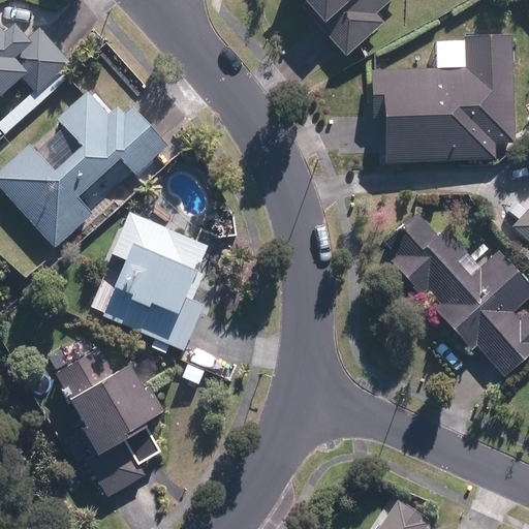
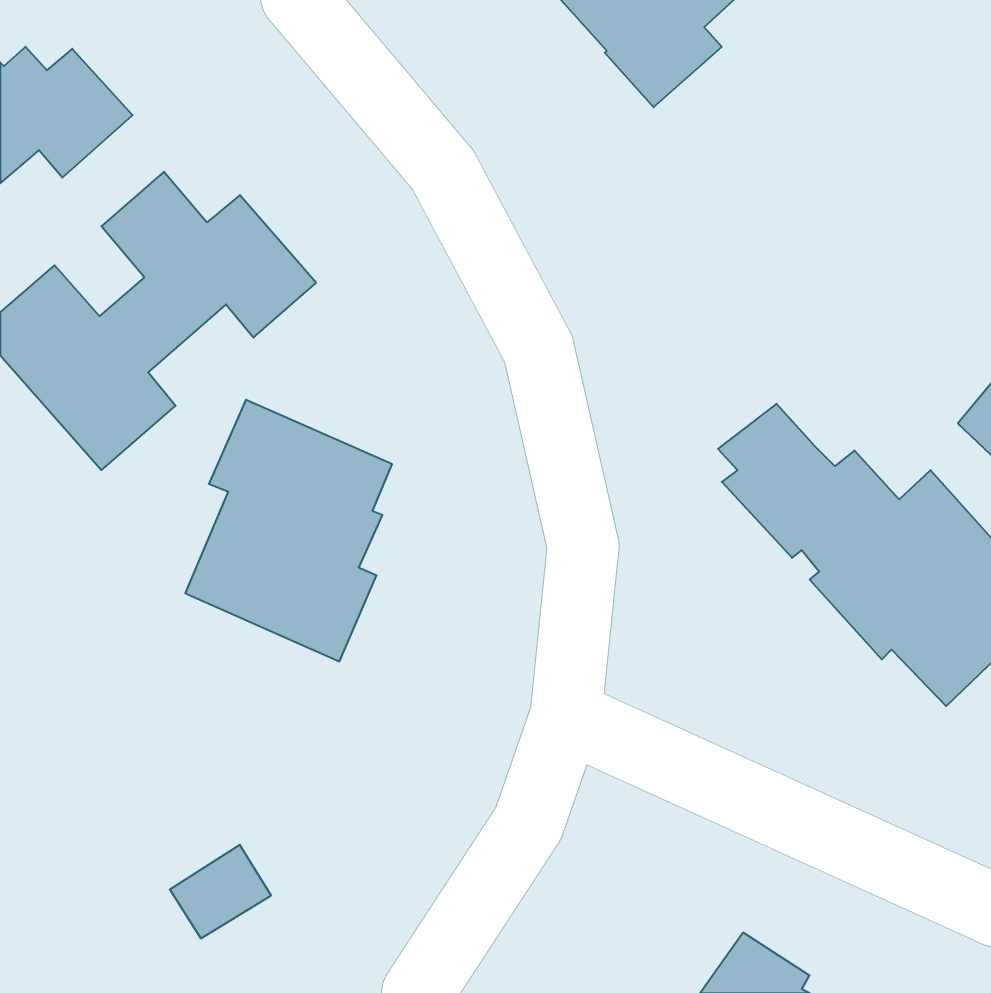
building: [372,35,515,162] -> none
building: [52,337,164,456] -> none

